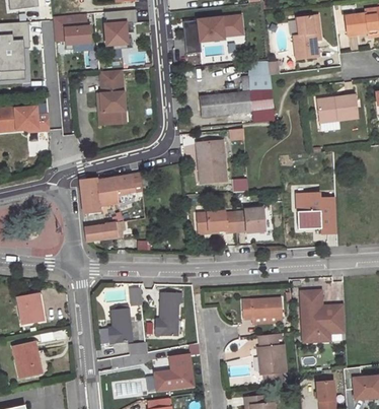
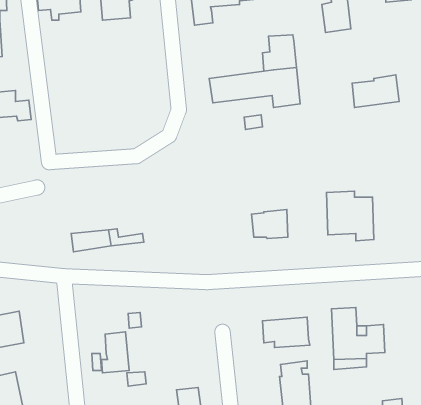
building: [96,71,124,126] -> none
building: [195,141,225,183] -> none
building: [78,174,141,213] -> none
building: [197,210,235,231] -> none
building: [154,294,180,338] -> none

